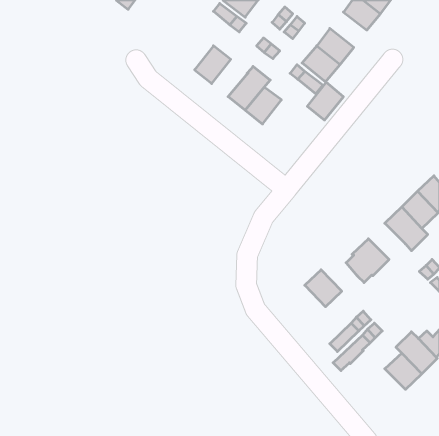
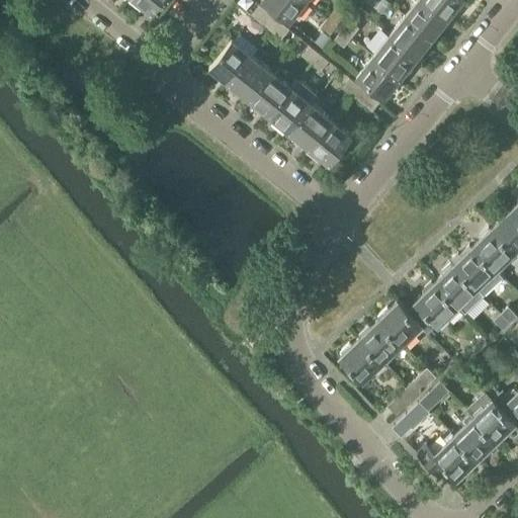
building: none -> [388,19,432,61]
building: none -> [209,42,252,87]
building: none -> [250,75,292,118]
building: [307,82,343,120] -> [310,122,352,167]
building: none -> [434,267,478,310]
building: none -> [378,304,421,347]
building: none -> [340,340,383,383]
building: none -> [417,438,478,482]

